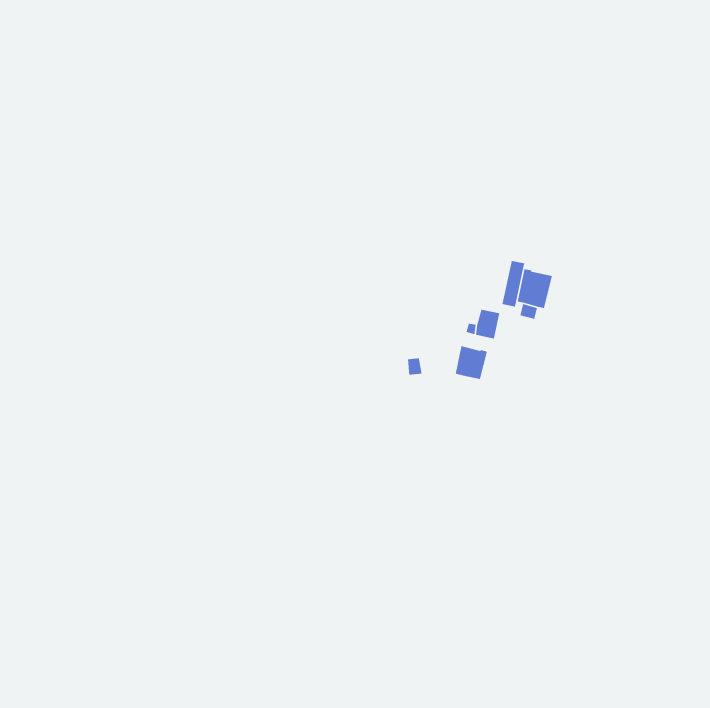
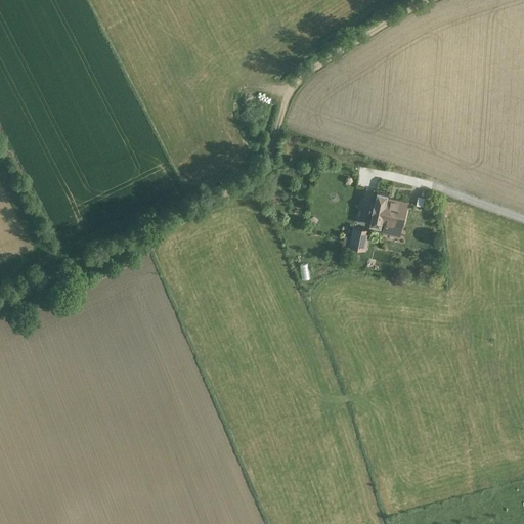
building: [455,345,488,380] -> none

